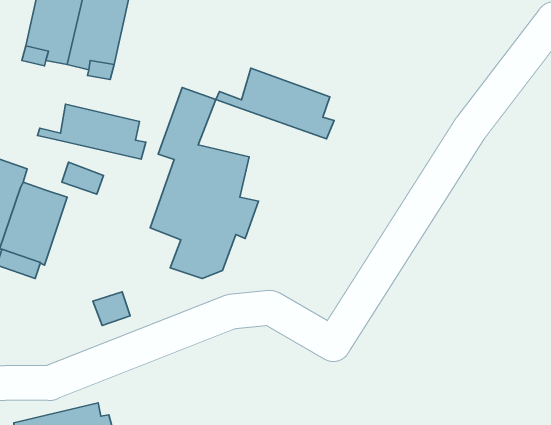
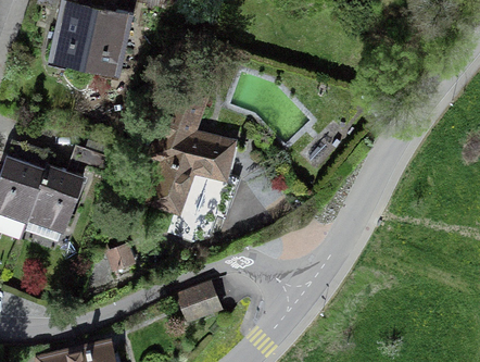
building: [216,68,334,139] -> none
building: [37,104,146,159] -> none
building: none -> [177,279,220,320]

